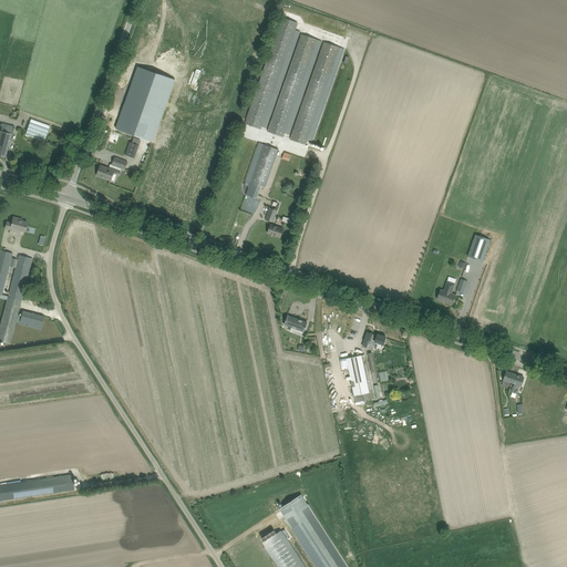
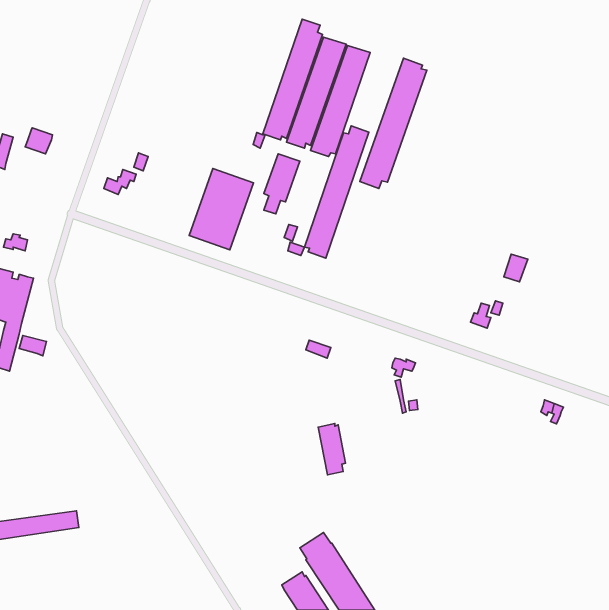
building: none -> [360,58,427,189]
building: [114,66,174,142] -> [189,169,254,250]
building: none -> [304,126,369,258]
building: [346,355,371,403] -> [318,424,345,475]

